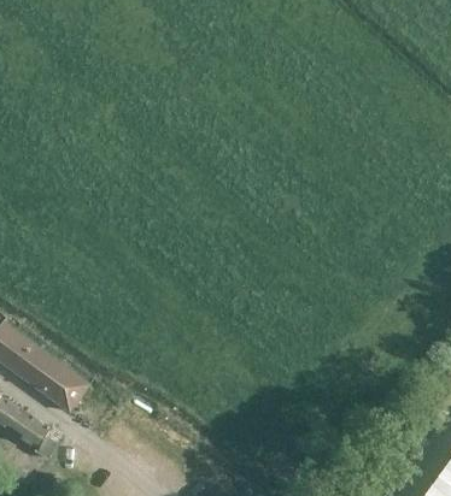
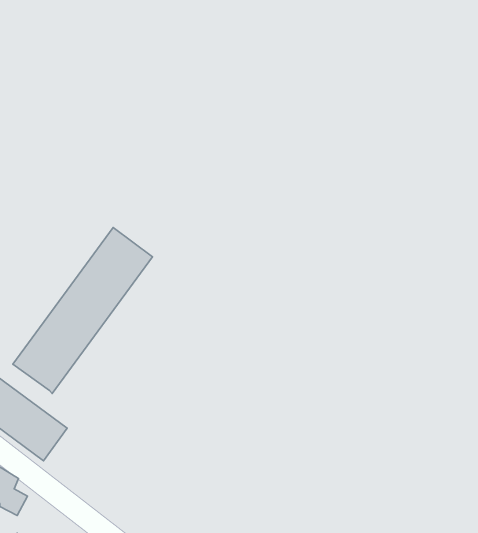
building: none -> [13,228,153,394]

